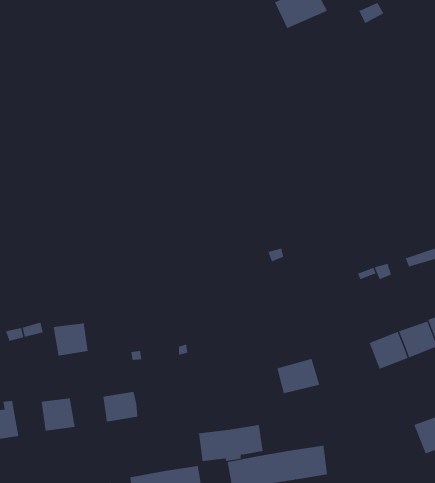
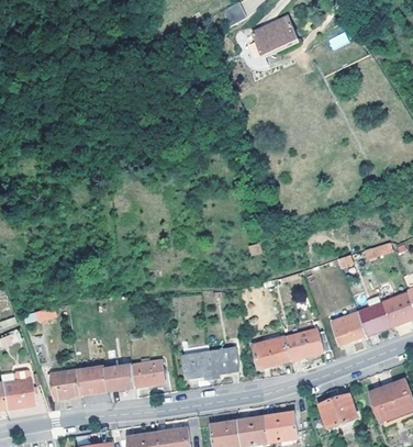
building: [53,323,89,356] -> [77,367,108,395]
building: none -> [284,327,330,359]
building: none -> [132,358,165,387]
building: [198,424,263,461] -> [182,347,238,379]
building: none -> [320,393,357,426]

